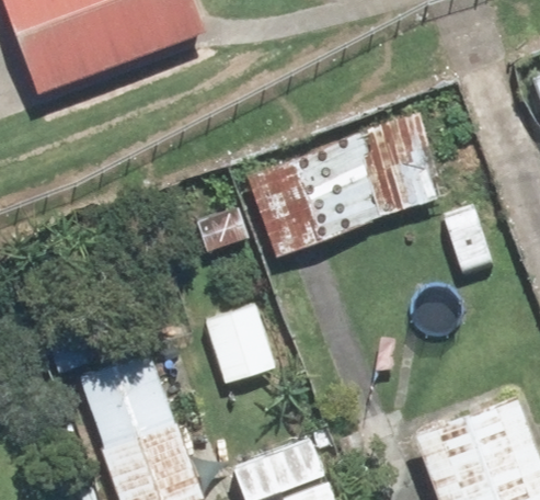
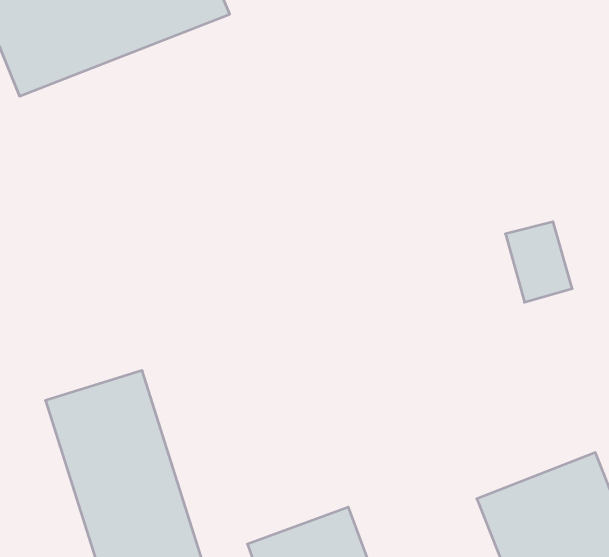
building: [243,113,440,259] -> none

